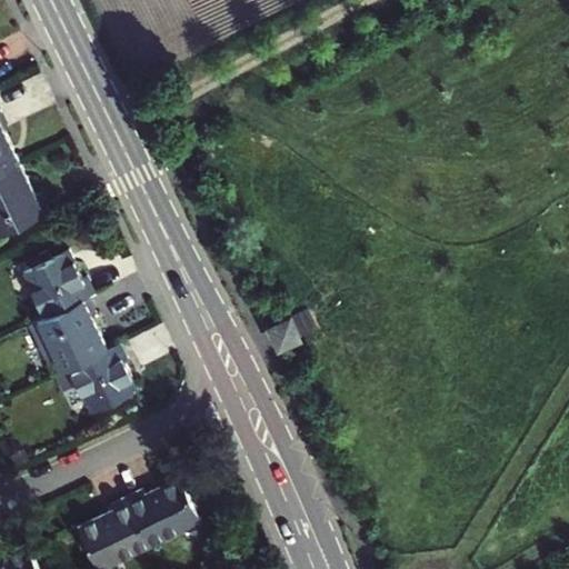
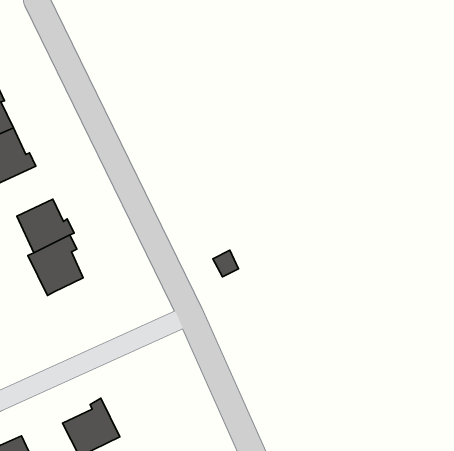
building: [67,346,133,415] -> none
building: [126,482,201,550] -> none

